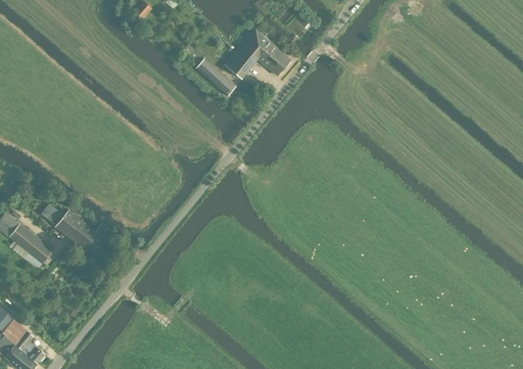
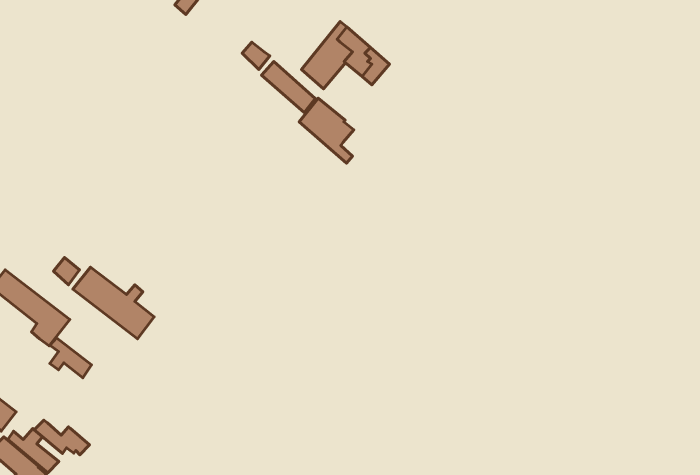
building: none -> [299,98,354,163]
building: none -> [50,338,91,378]
building: none -> [34,420,89,455]

